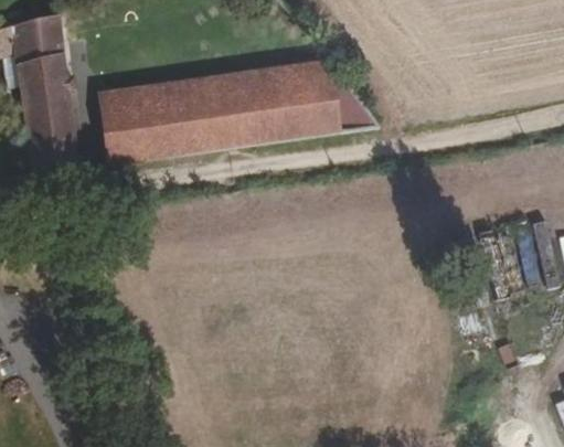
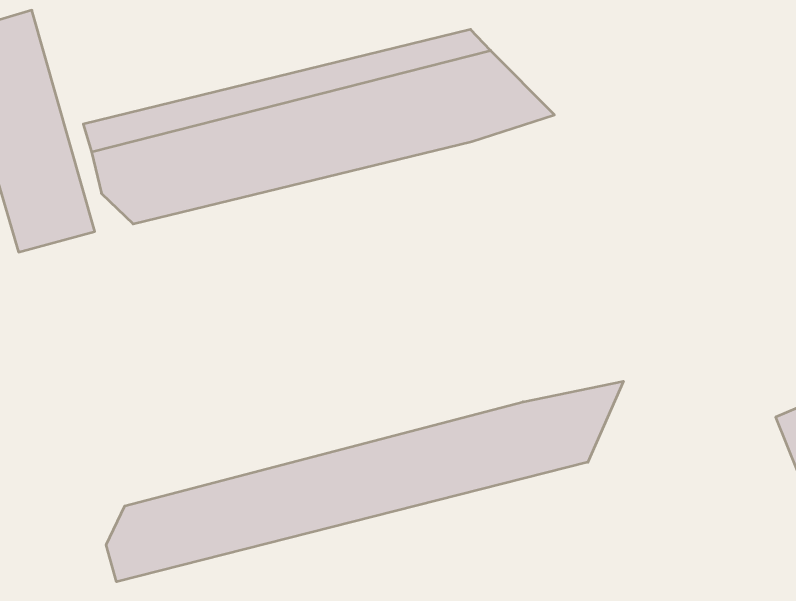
building: none -> [106,381,623,582]

